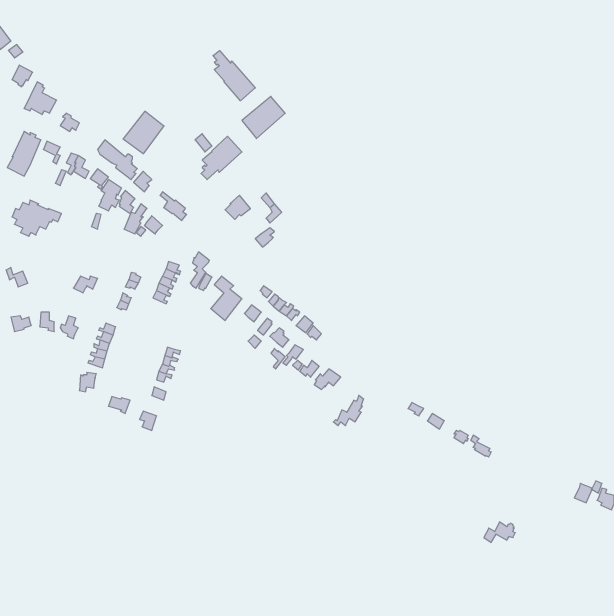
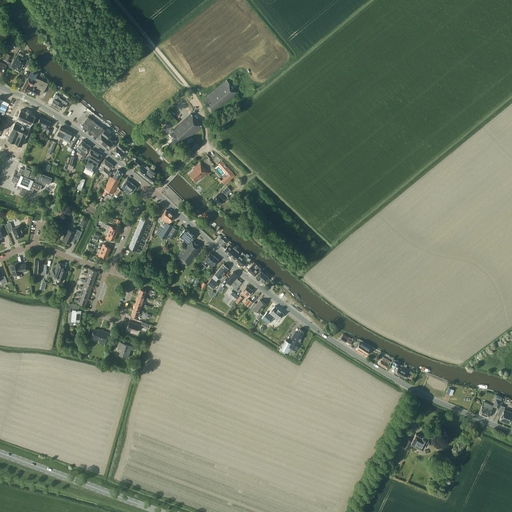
building: [213,51,255,101] -> none
building: [123,111,164,154] -> none

